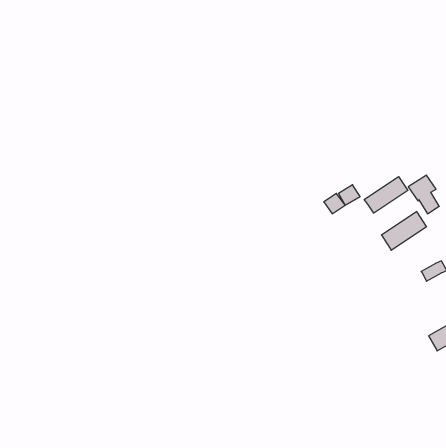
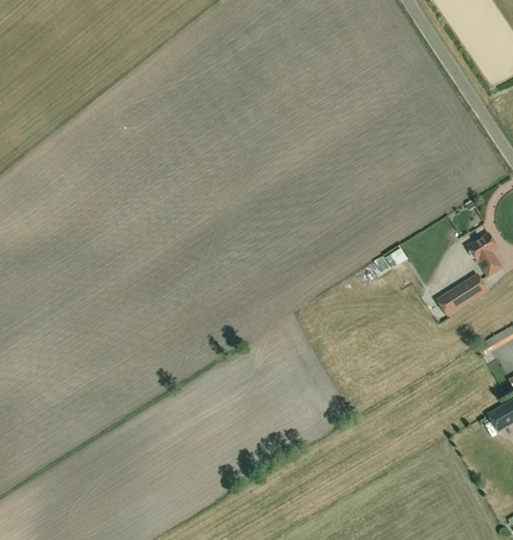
building: [364,177,408,213] -> none

